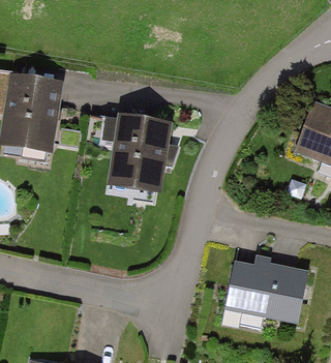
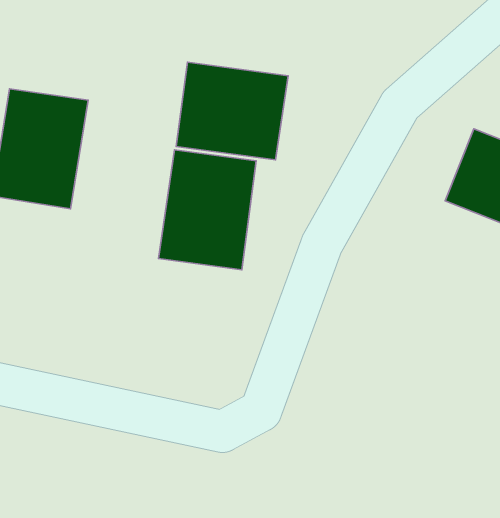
building: none -> [176,62,288,160]
building: [221,259,309,322] -> none

